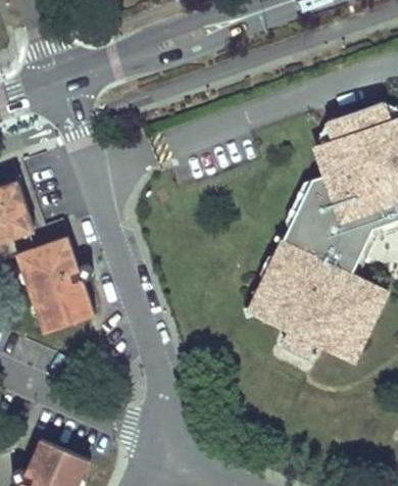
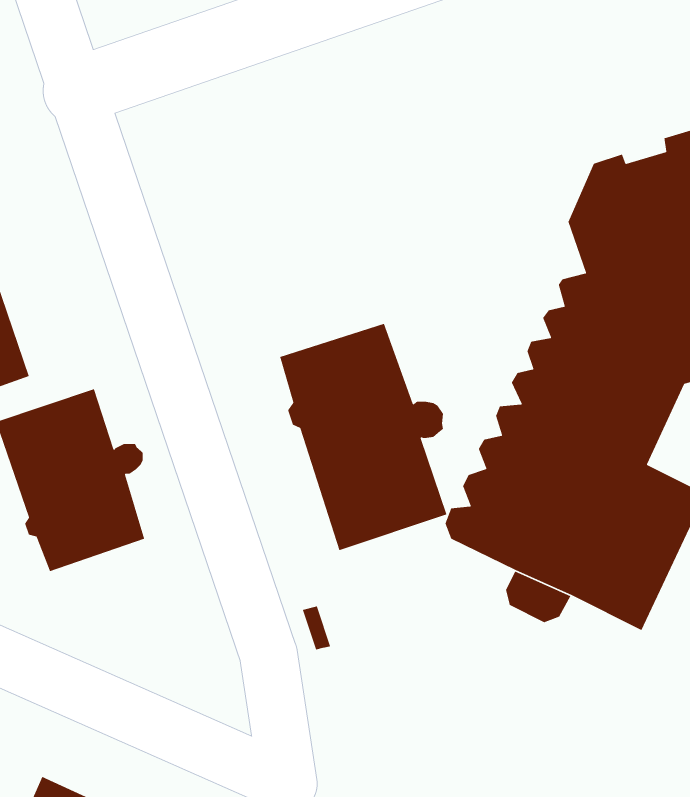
building: none -> [279,323,448,551]

